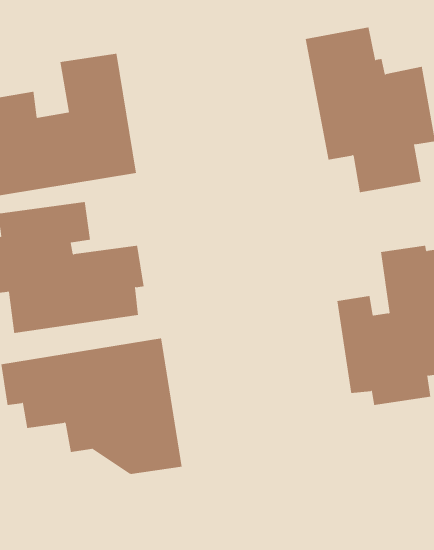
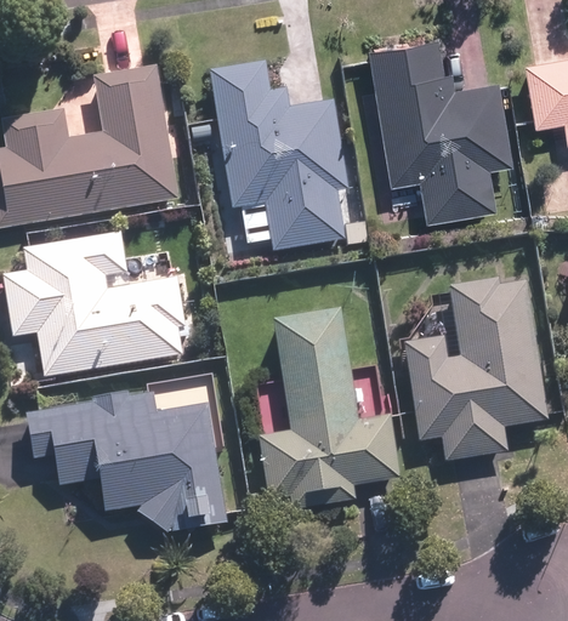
building: none -> [208,59,347,252]
building: none -> [257,307,401,509]

